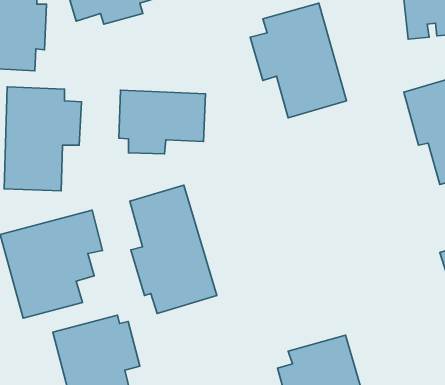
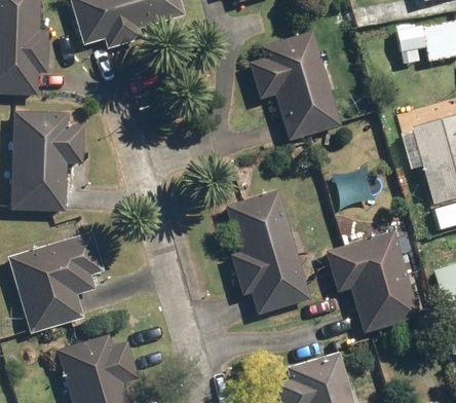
building: [119,90,205,154] -> none
building: [130,185,217,314] -> [228,190,312,315]
building: none -> [325,232,419,334]

